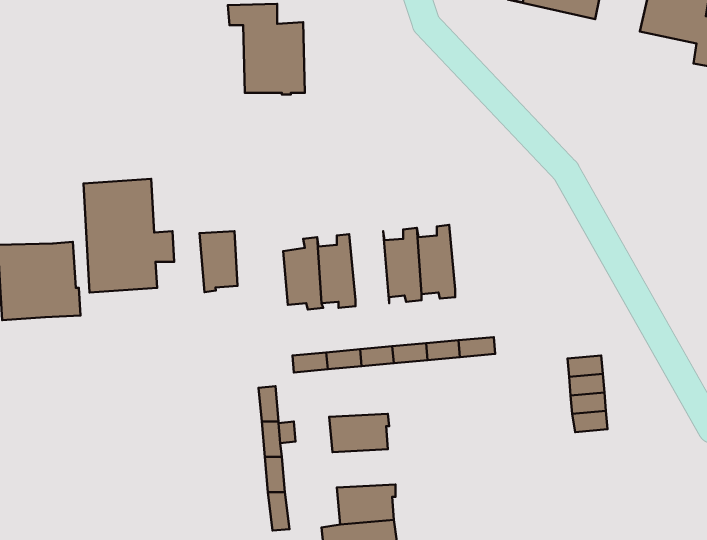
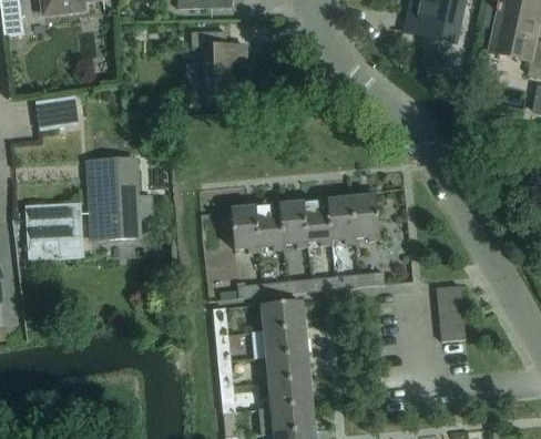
building: none -> [34,95,80,130]
building: none -> [350,188,379,241]
building: none -> [278,195,307,248]
building: [199,231,237,292] -> none
building: none -> [262,300,306,329]
building: none -> [266,353,312,380]

